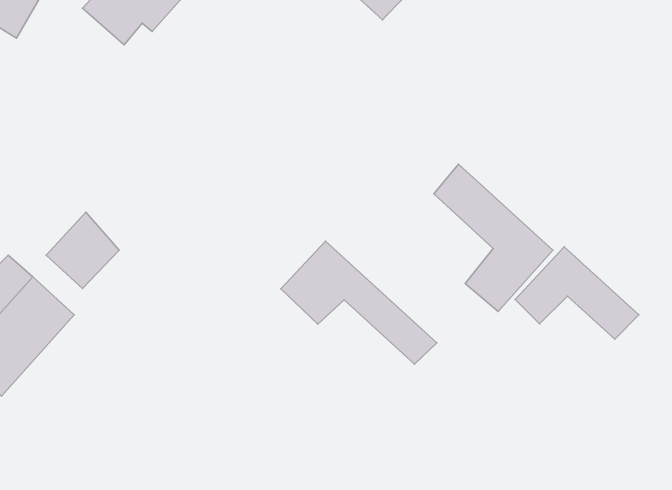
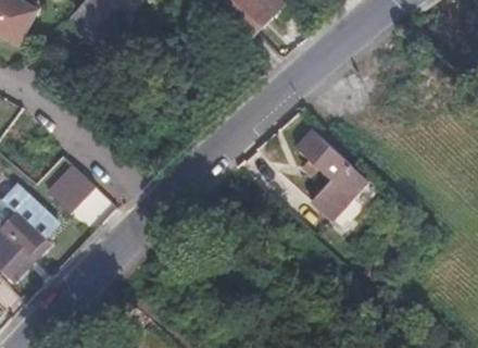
building: [281,241,437,364] -> none
building: [515,247,639,339] -> none

